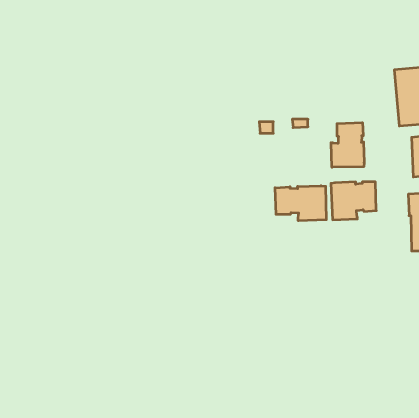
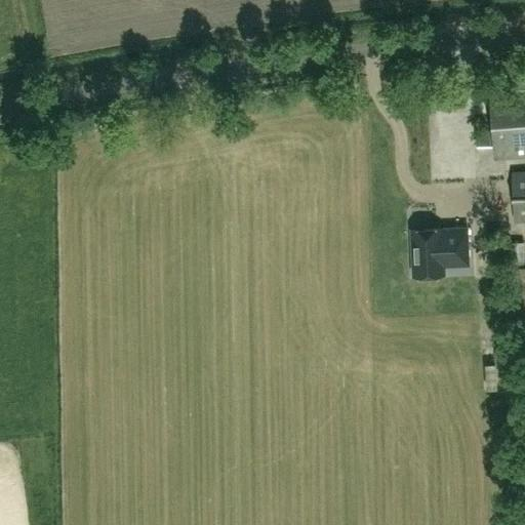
building: [331,123,364,167] -> none
building: [275,186,326,221] -> none

